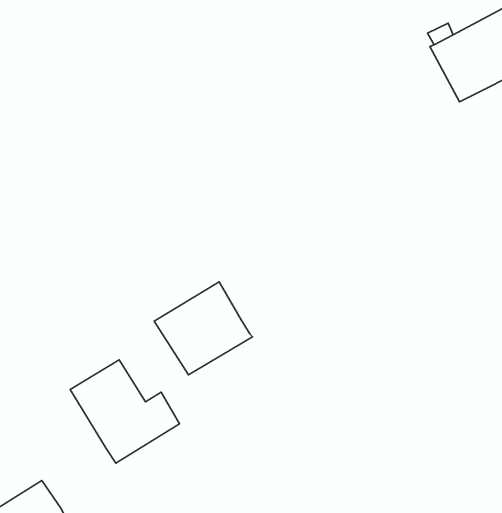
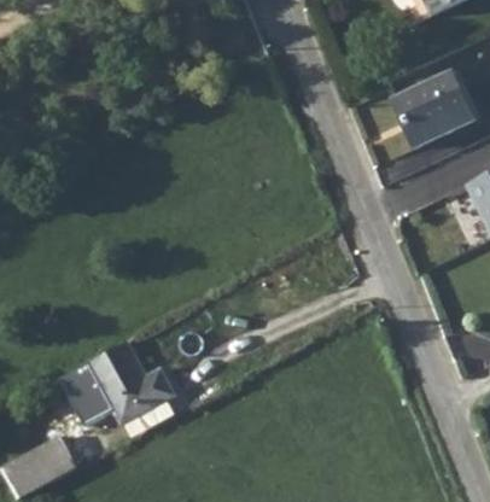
building: [154,282,252,375] -> none
building: none -> [64,362,112,422]

